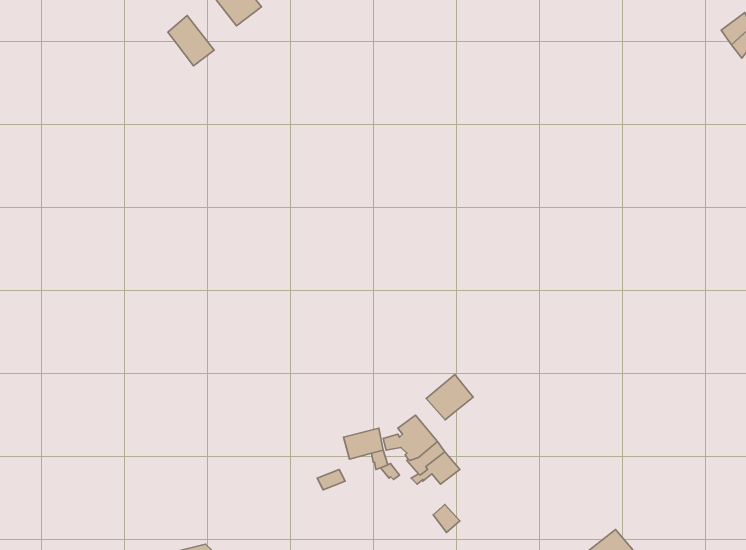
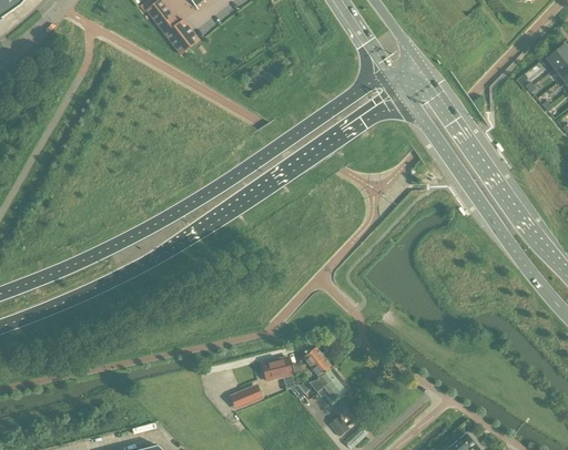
building: [168,16,214,66] -> none
building: [426,375,473,420] -> none

